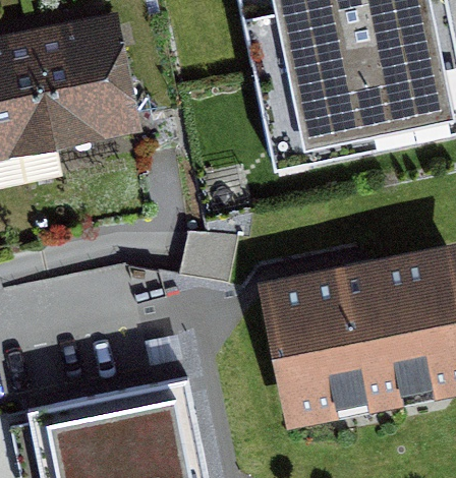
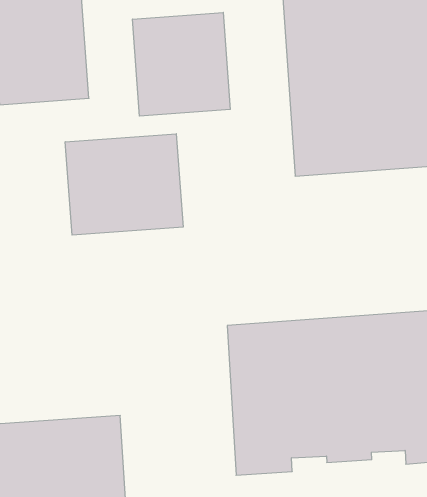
building: none -> [133,12,230,116]
building: none -> [65,134,183,235]

